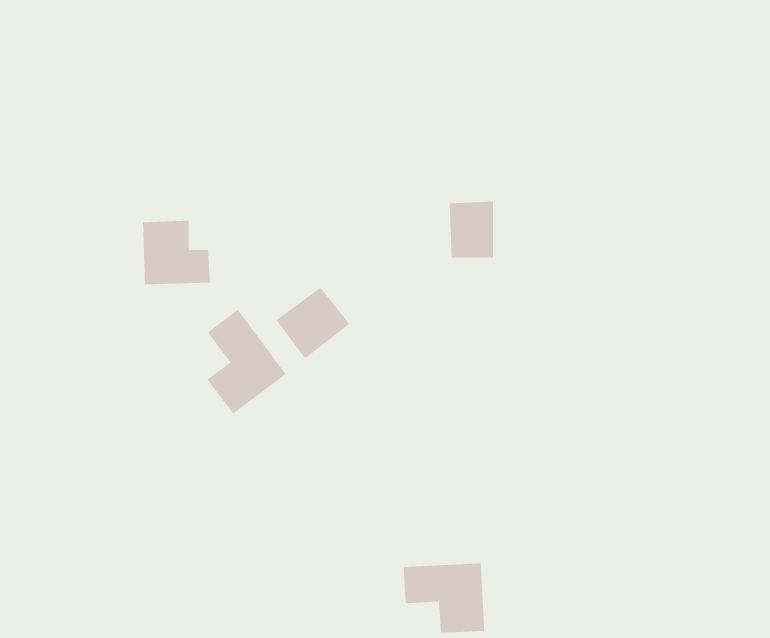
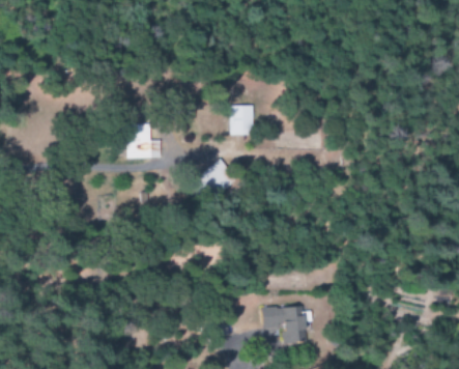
building: [449,201,494,258] -> [228,105,252,135]
building: [207,309,287,415] -> none

